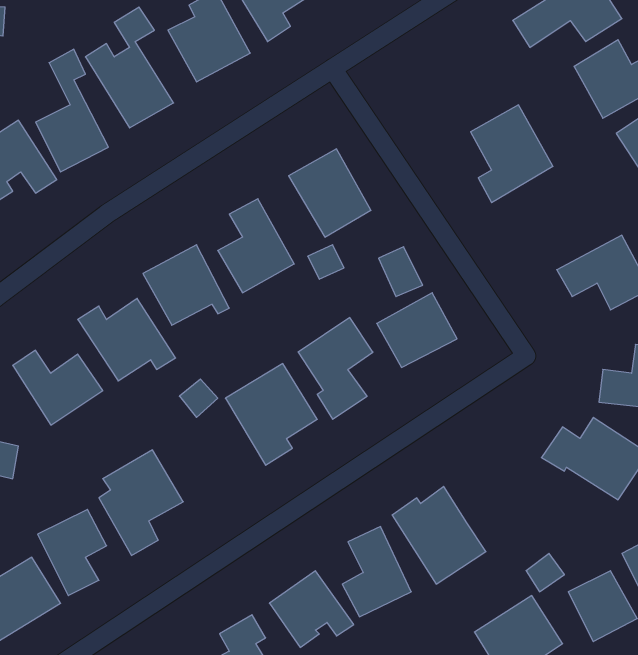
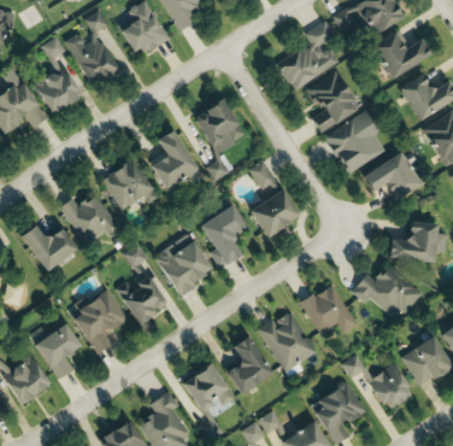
building: none -> [277,20,340,89]
building: none -> [324,110,390,175]
building: none -> [114,276,166,324]
building: none -> [301,283,358,334]

